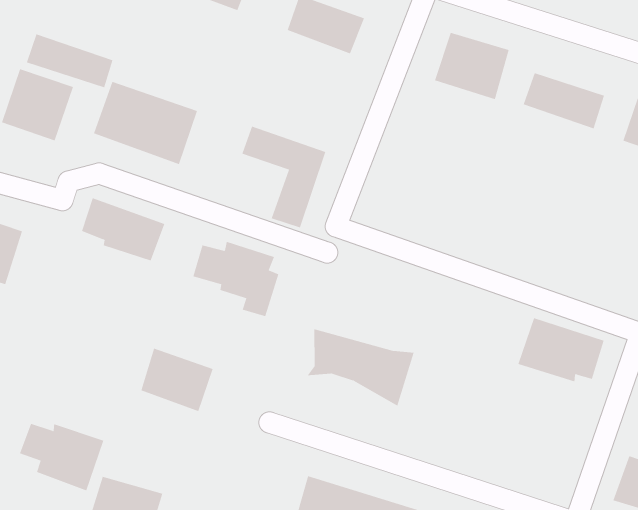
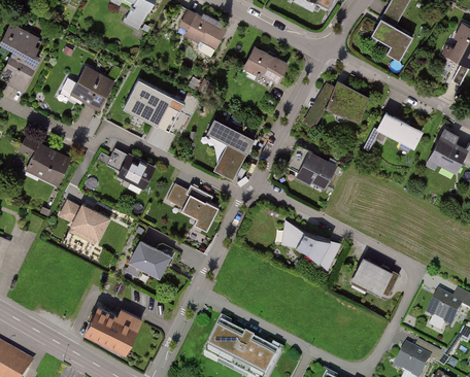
building: [26,33,113,88] -> none
building: none -> [284,146,337,191]
building: [306,329,415,406] -> [277,219,342,272]
building: [19,423,104,491] -> [58,201,108,245]

